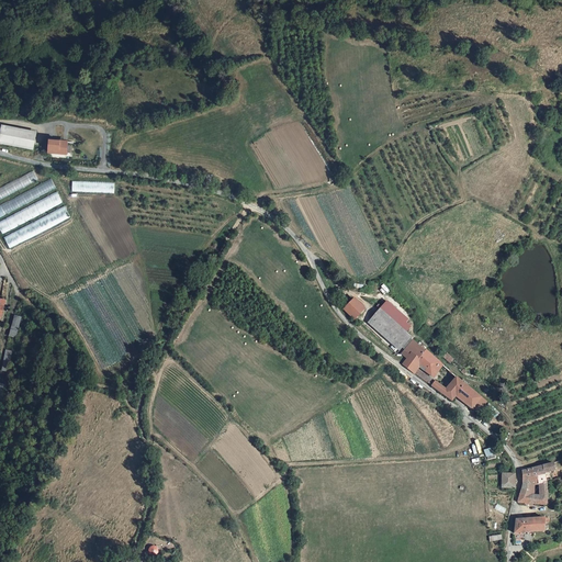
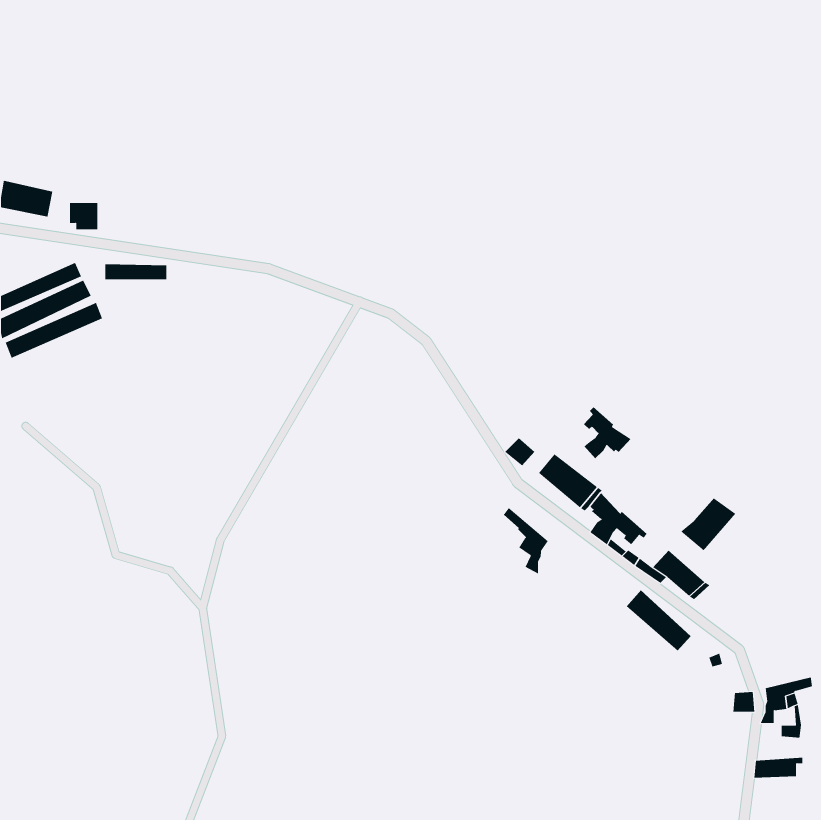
building: none -> [583,407,632,459]
building: none -> [680,497,736,551]
building: none -> [503,507,548,574]
building: none -> [626,590,691,652]

